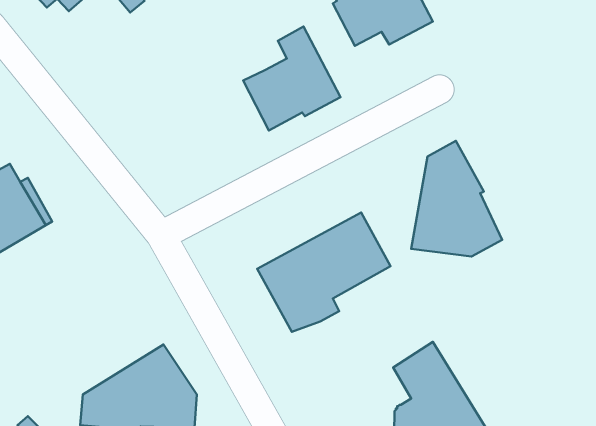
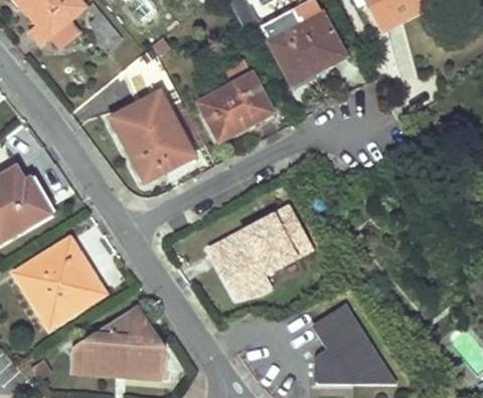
building: none -> [112,90,188,178]
building: [411,141,502,256] -> none
building: none -> [14,249,98,327]

